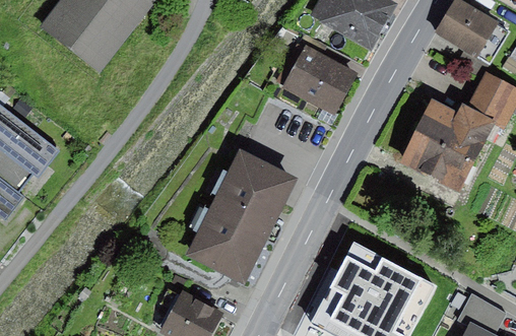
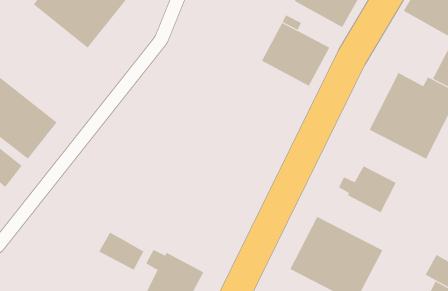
building: [185,148,297,285] -> none
building: none -> [338,165,396,213]
building: none -> [99,232,144,271]

